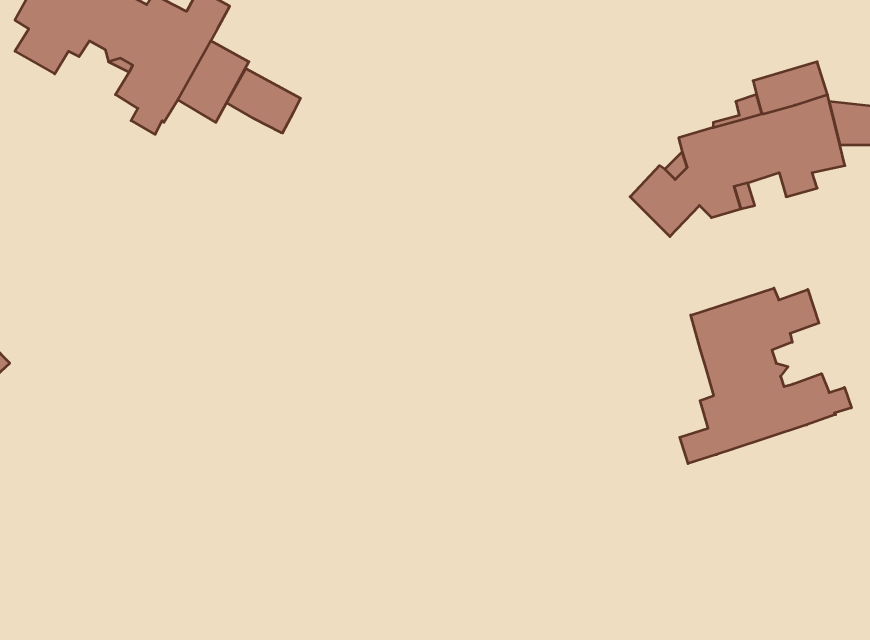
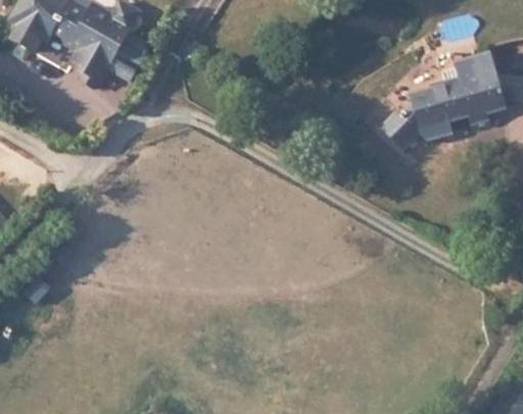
building: [226,68,300,133] -> none
building: [680,288,851,464] -> none

